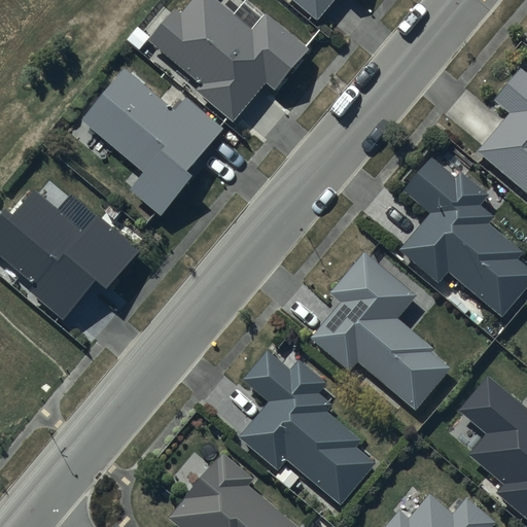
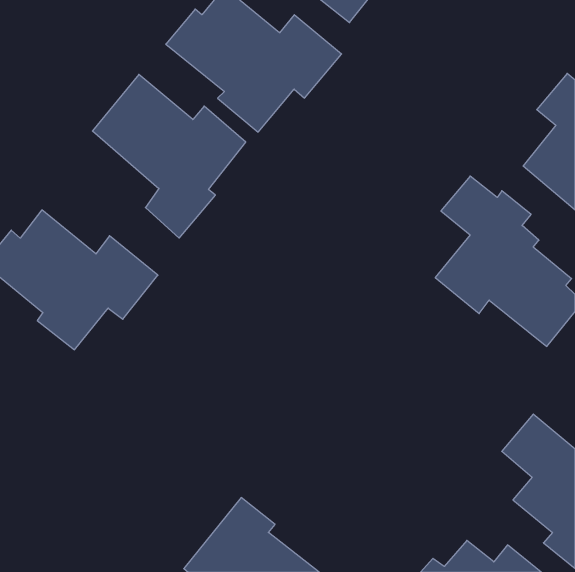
building: [311,253,449,410] -> none
building: [239,351,372,504] -> none

